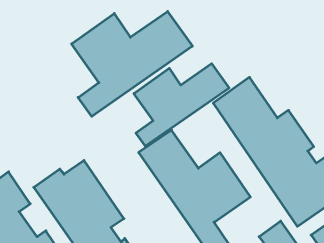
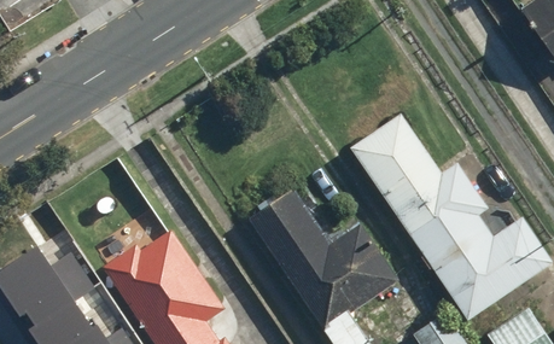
building: [72,11,192,116] -> none
building: [134,64,229,146] -> none

